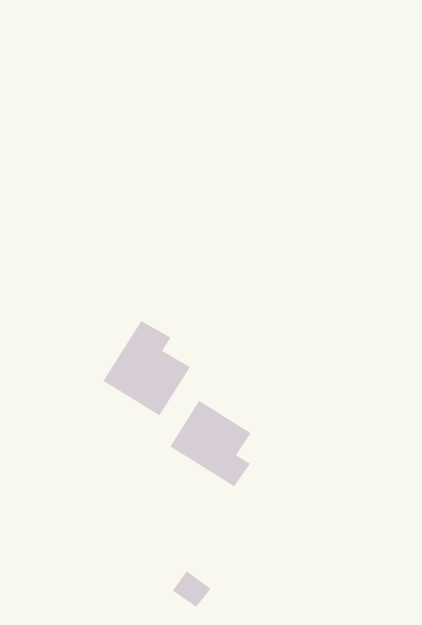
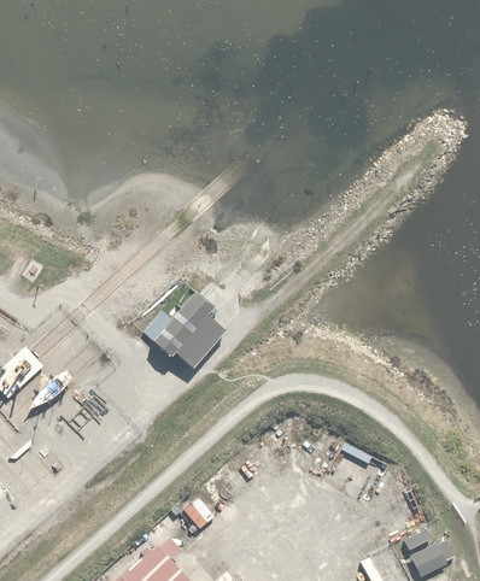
building: [170,400,252,487] -> none

